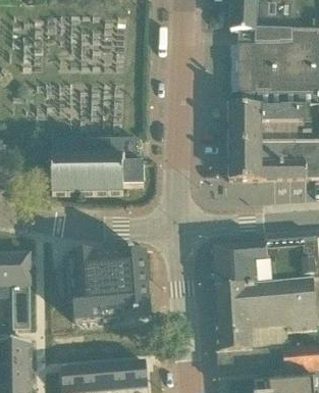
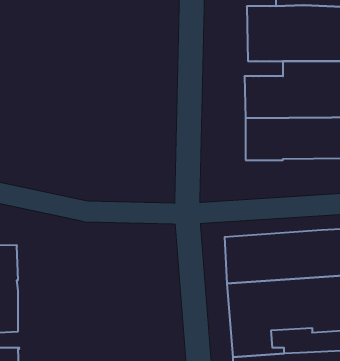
building: [40,137,143,194] -> none
building: [62,252,149,322] -> none

